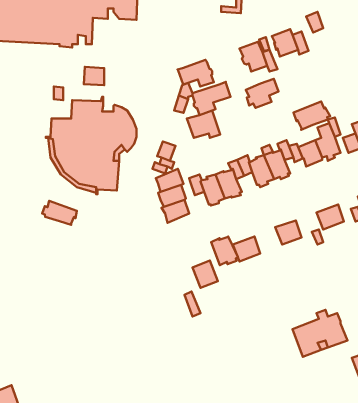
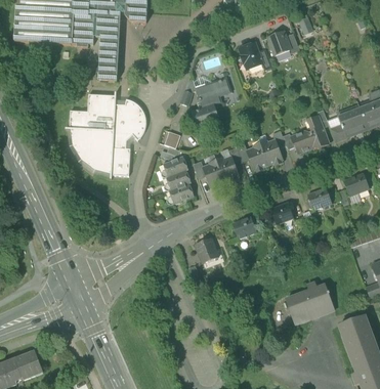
building: none -> [99,20,120,66]
building: [178,60,214,87] -> none
building: [246,79,279,108] -> none
building: [293,101,330,130] -> none
building: [42,201,77,225] -> none
building: [211,236,238,265] -> none

